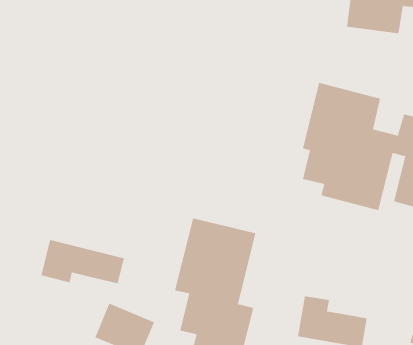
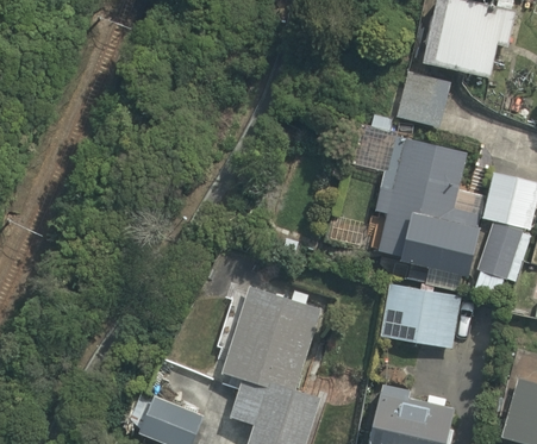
building: none -> [399,73,448,129]
building: none -> [381,288,458,349]
building: [41,239,124,284] -> none

